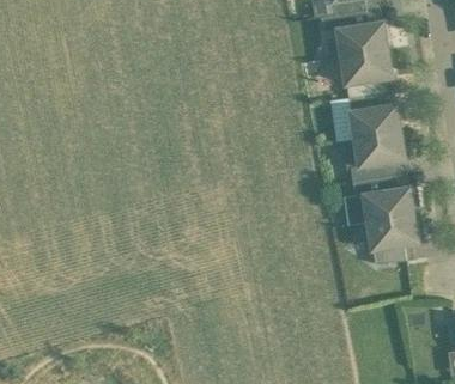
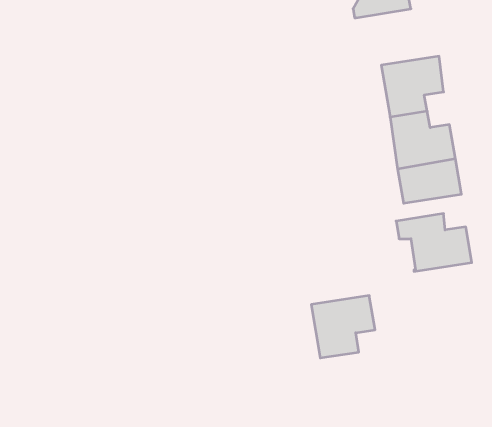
building: [320,10,387,55] -> none
building: [366,214,418,264] -> [311,296,375,358]

